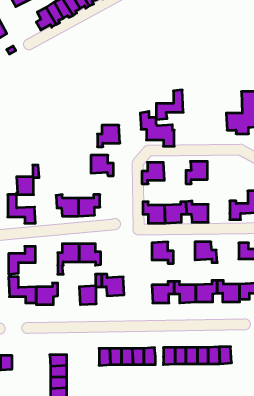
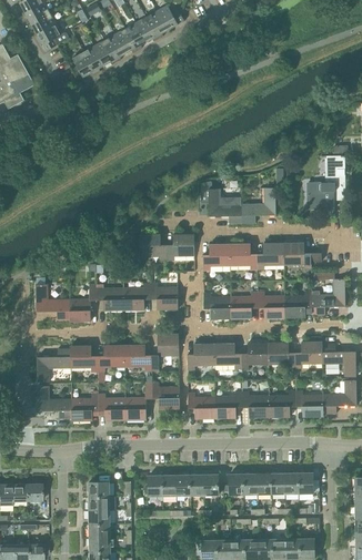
building: [156,90,183,119] -> [242,187,275,224]
building: [97,125,120,147] -> [167,234,194,261]
building: none -> [283,243,311,269]
building: none -> [229,244,257,271]
building: [17,165,39,195] -> [69,285,97,322]
building: none -> [150,284,178,309]
building: none -> [284,292,311,318]
building: none -> [151,334,179,370]
building: none -> [294,342,322,368]
building: none -> [241,343,268,369]
building: none -> [187,344,214,370]
building: none -> [70,346,98,373]
building: none -> [188,393,215,419]
building: none -> [98,394,125,420]

